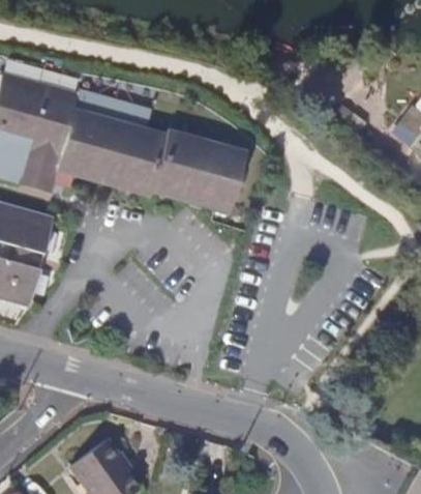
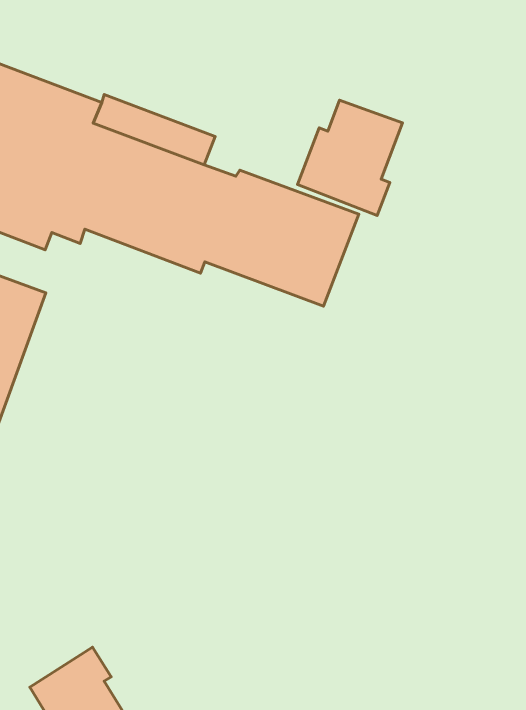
building: none -> [298,100,403,216]

